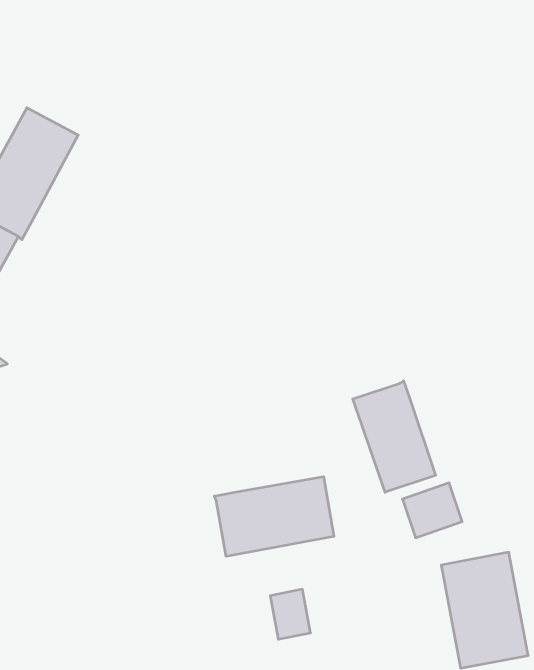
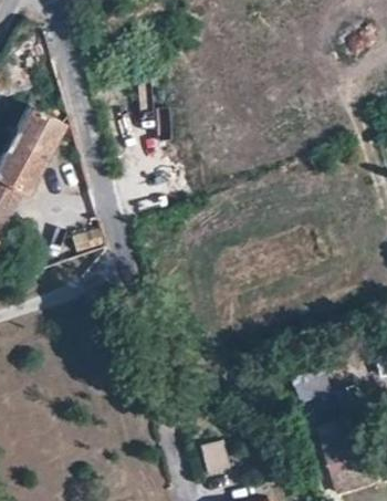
building: [353,381,436,492] -> none
building: [214,477,334,556] -> none

